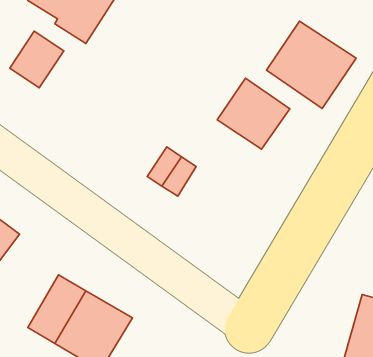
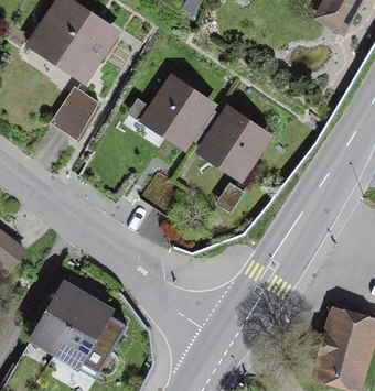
building: [266,21,356,108] -> none
building: [10,31,64,88] -> [51,84,99,134]
building: none -> [144,76,211,142]

